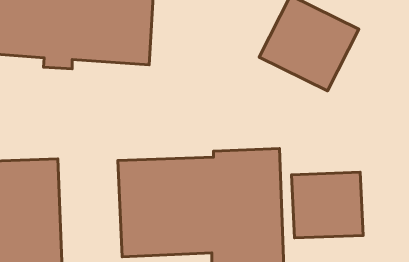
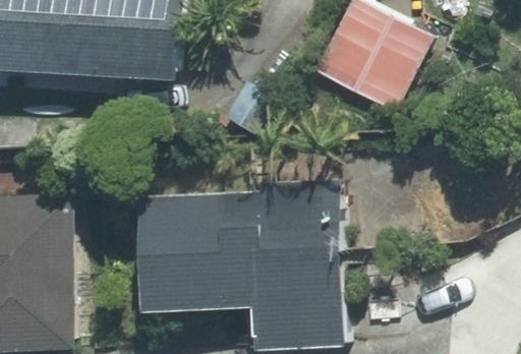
building: [292,172,363,238] -> none

